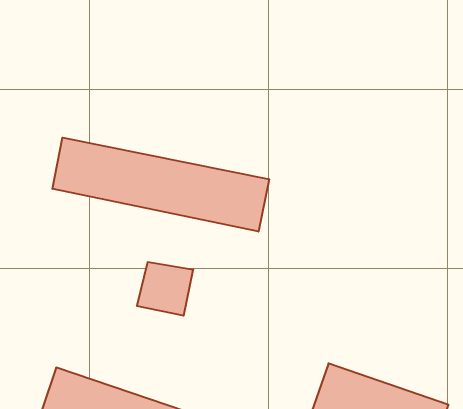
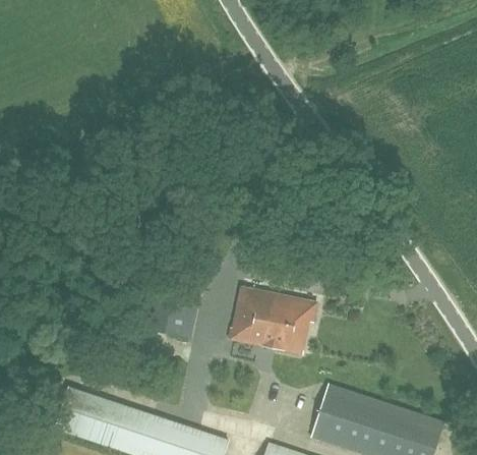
building: [52,138,269,232] -> none
building: none -> [230,288,317,352]

